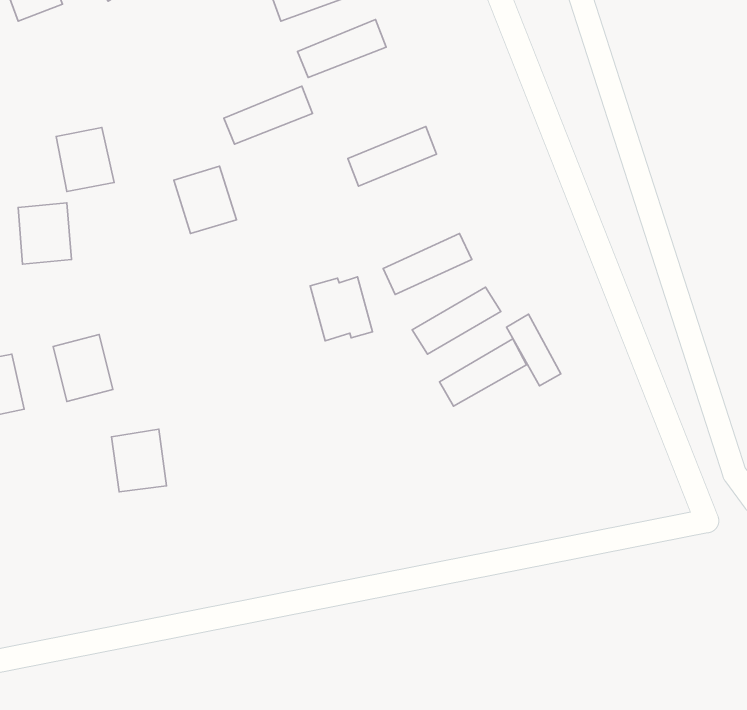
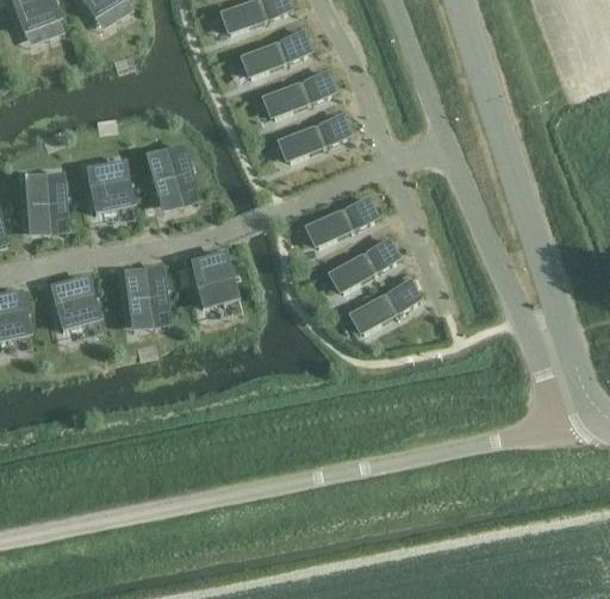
building: [224,86,313,144] -> [266,70,335,116]
building: [56,127,114,192] -> [87,161,132,211]
building: [310,277,373,341] -> [191,255,239,305]
building: [506,314,561,386] -> none
building: [111,429,166,492] -> [124,266,167,314]

